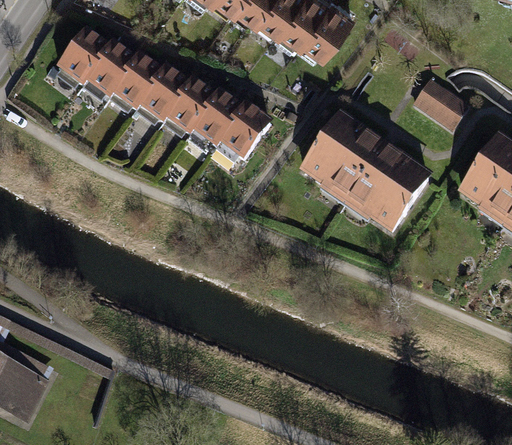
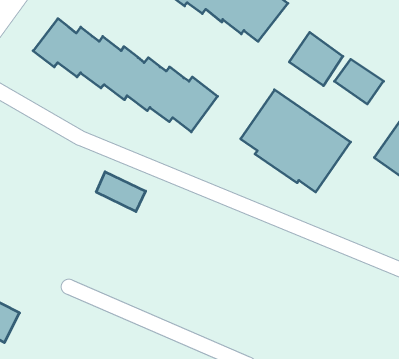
building: none -> [289,32,343,86]
building: none -> [96,172,146,212]

